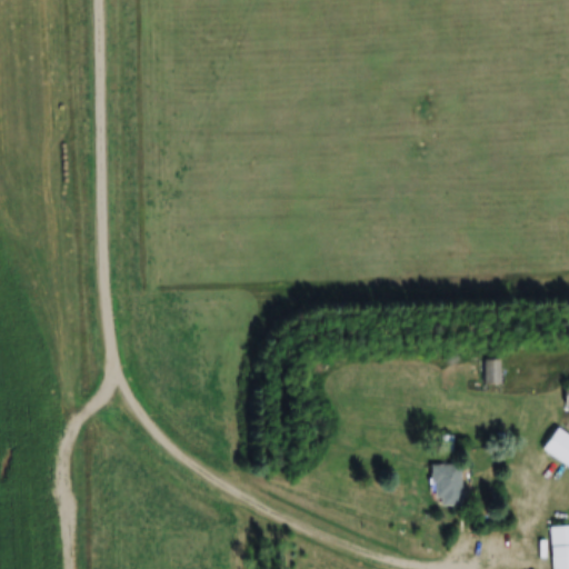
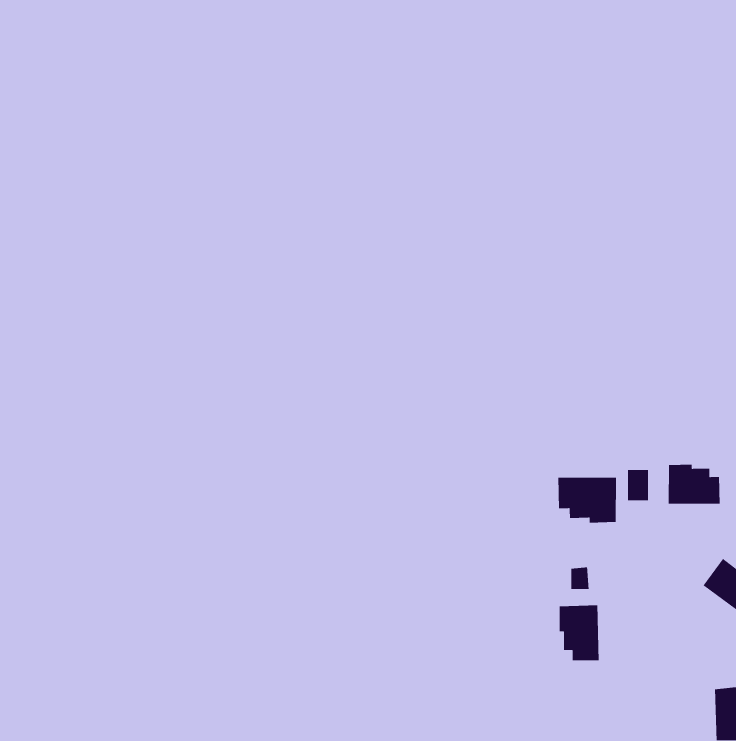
building: none -> [668,464,720,504]
building: none -> [557,477,617,523]

